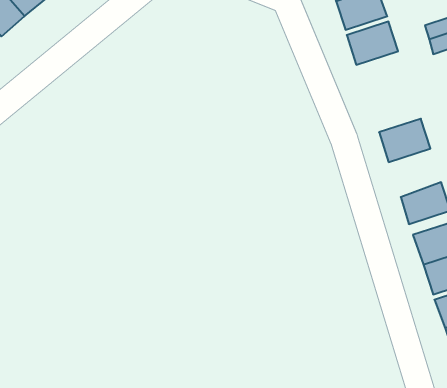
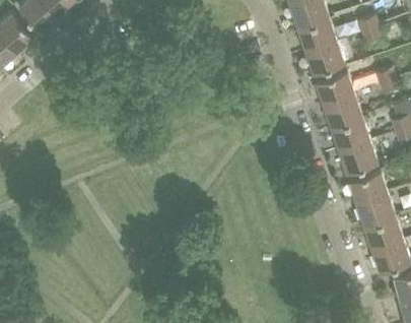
building: none -> [304,41,343,72]
building: none -> [315,69,353,102]
building: none -> [331,118,368,150]

